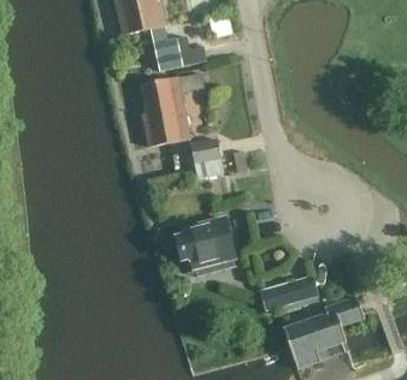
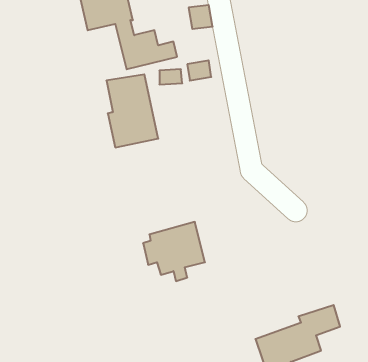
building: [190,139,219,176] -> none
building: [273,275,317,305] -> none

